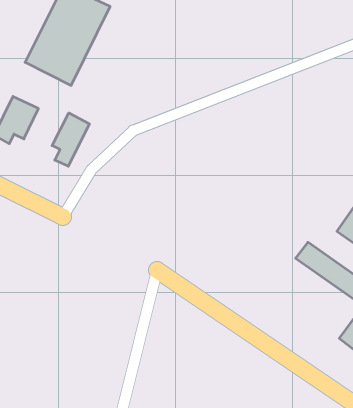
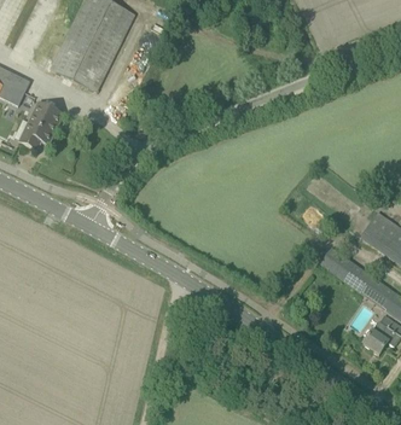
building: [52,113,89,166] -> none

